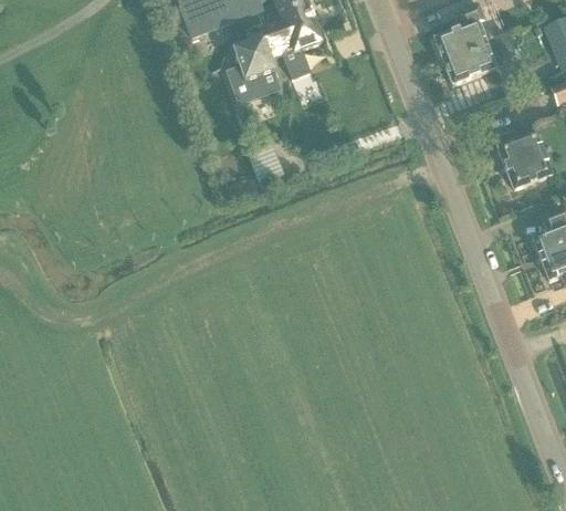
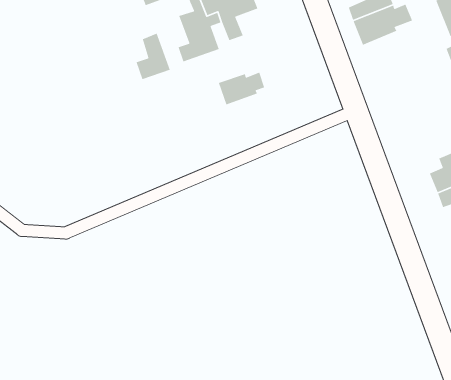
building: none -> [135,32,171,80]
building: none -> [218,72,265,105]
building: [496,129,553,187] -> none

